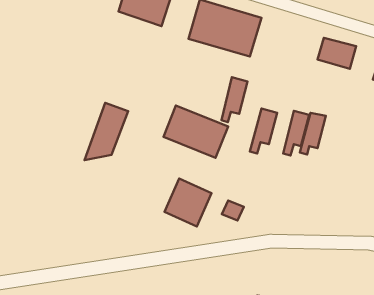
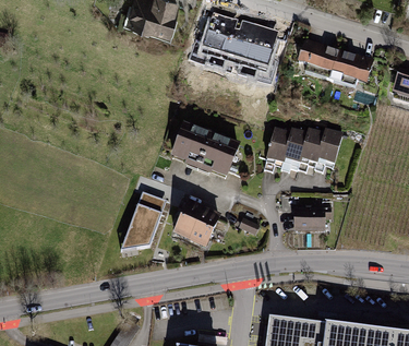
building: none -> [300,41,340,74]
building: [221,77,247,122] -> [281,124,309,171]
building: [84,103,128,160] -> [118,193,164,253]
building: none -> [293,207,328,232]

